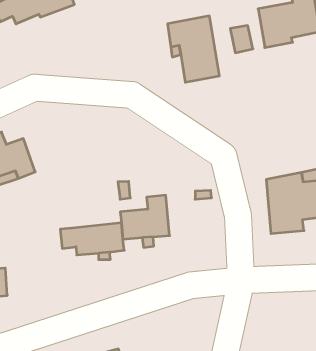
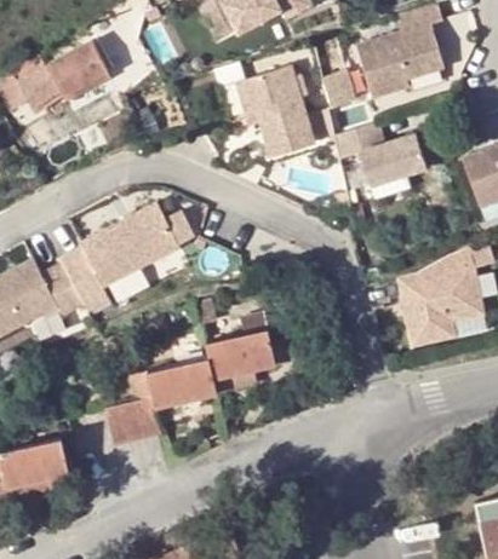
building: none -> [337,122,429,184]
building: none -> [63,203,196,310]
building: none -> [105,398,162,448]

